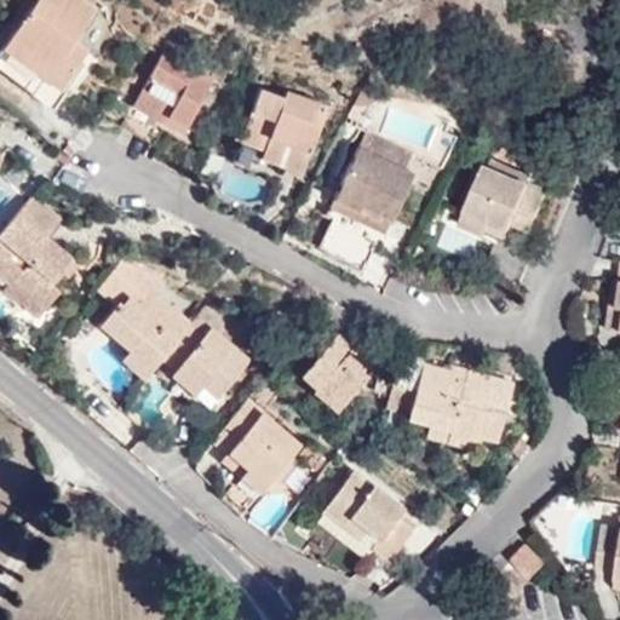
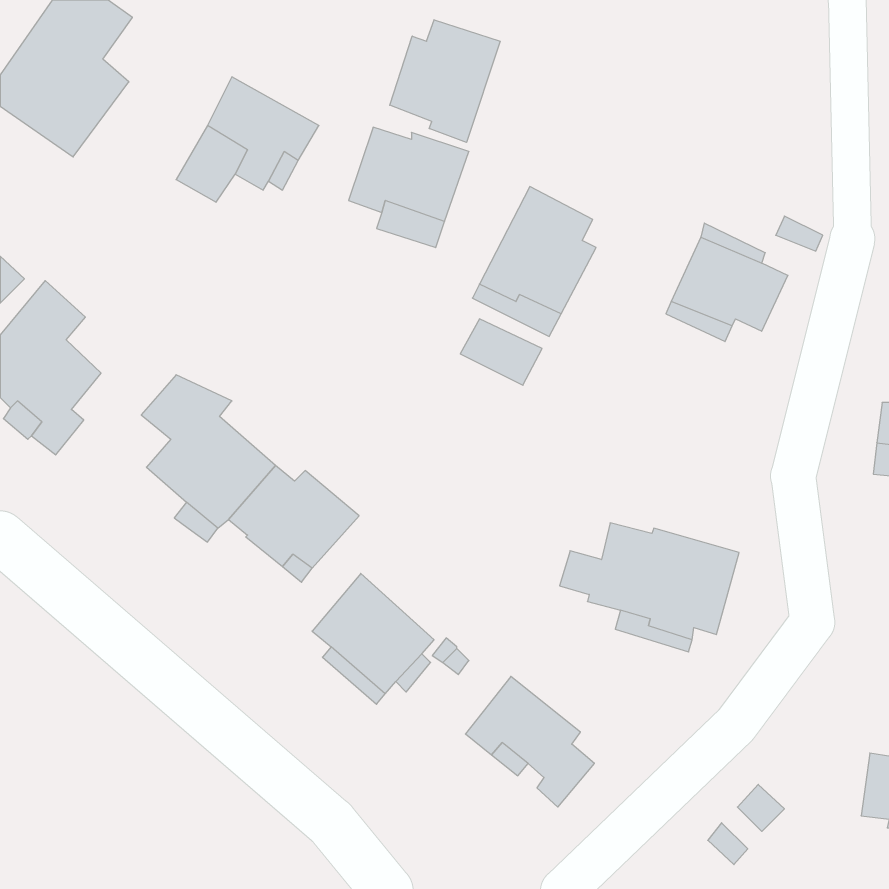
building: none -> [390,20,500,142]
building: [303,334,374,411] -> none

